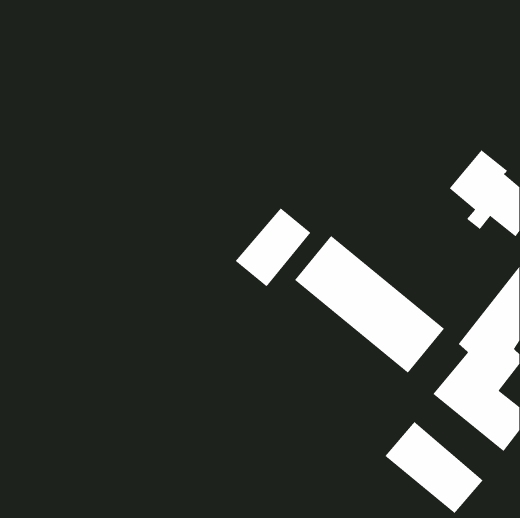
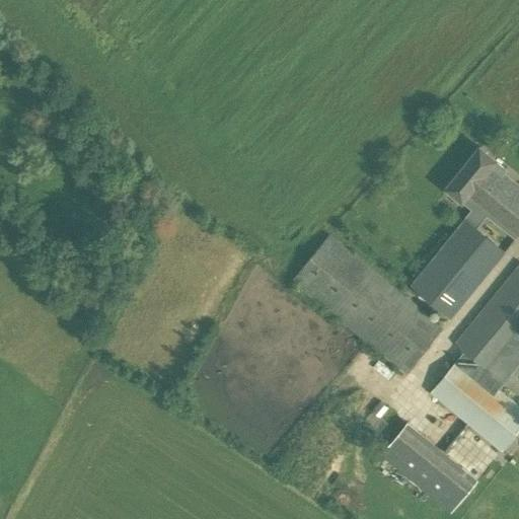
building: [235,207,311,287] -> none
building: none -> [410,220,505,319]

